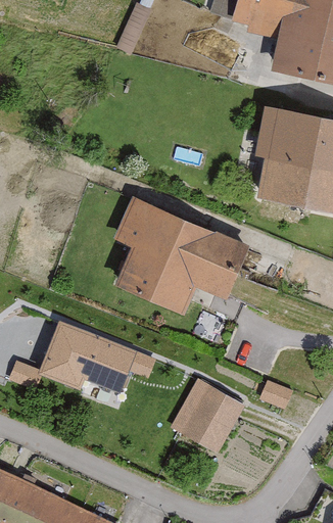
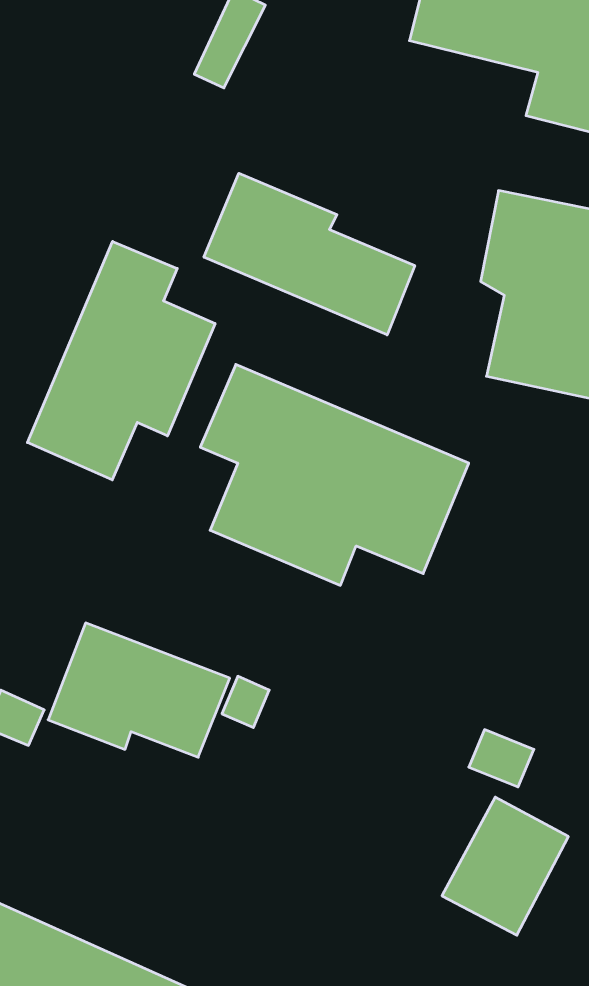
building: none -> [204,173,415,335]
building: none -> [27,241,215,480]
building: [176,381,241,453] -> [442,797,568,935]

